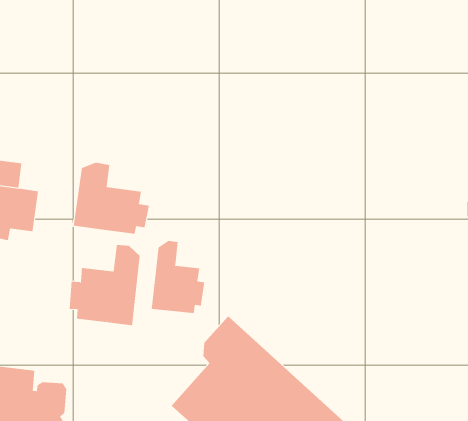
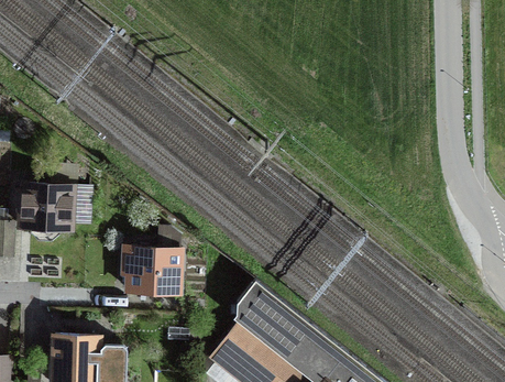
building: [73,162,149,234] -> none
building: [151,240,205,314] -> none

